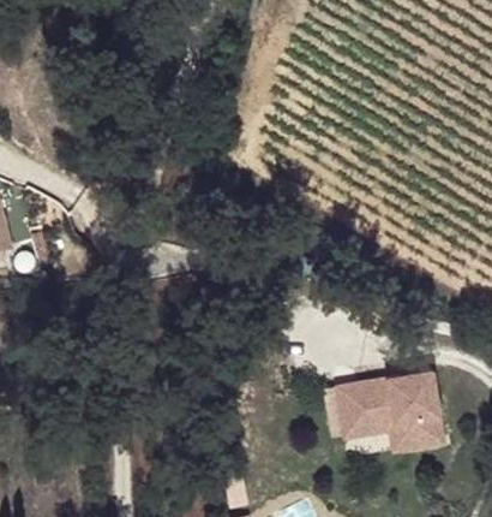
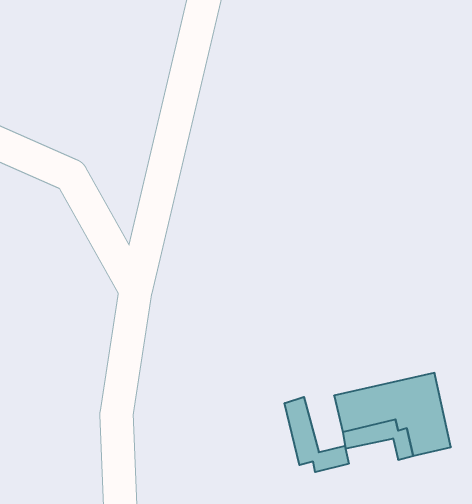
building: none -> [285,397,349,472]

